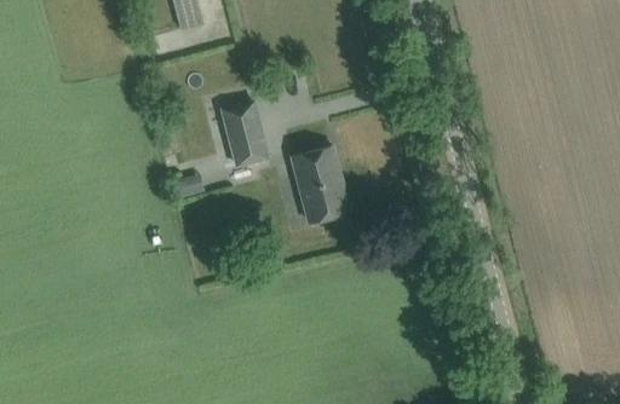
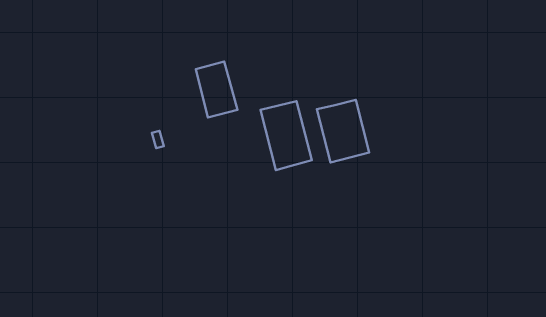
building: none -> [317,100,369,163]

